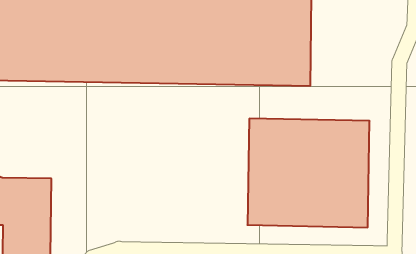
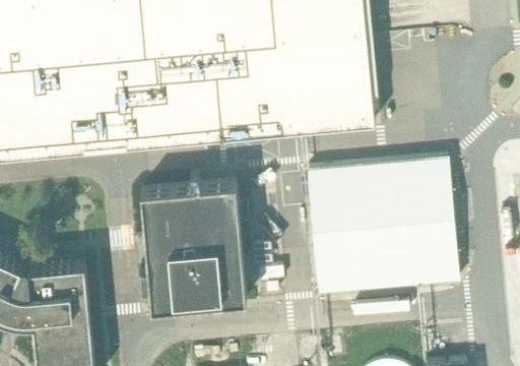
building: none -> [140,177,246,303]

